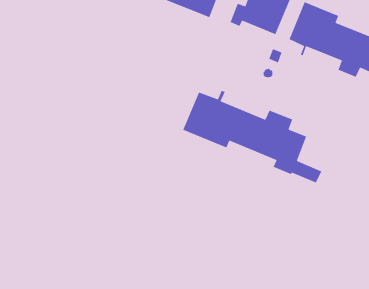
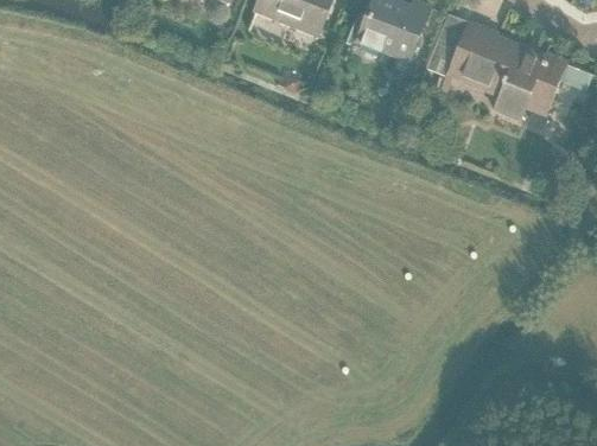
building: [182,90,322,183] -> none

